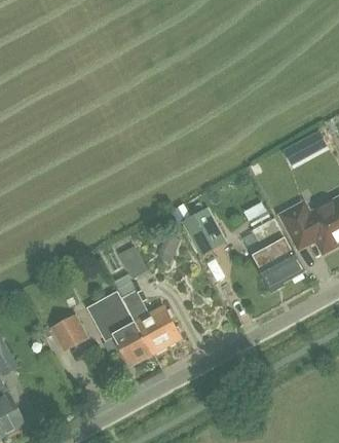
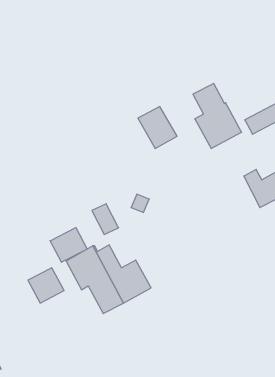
building: [183,210,225,255] -> [138,107,177,149]
building: [252,218,304,288] -> [193,84,242,148]
building: none -> [50,228,87,262]

